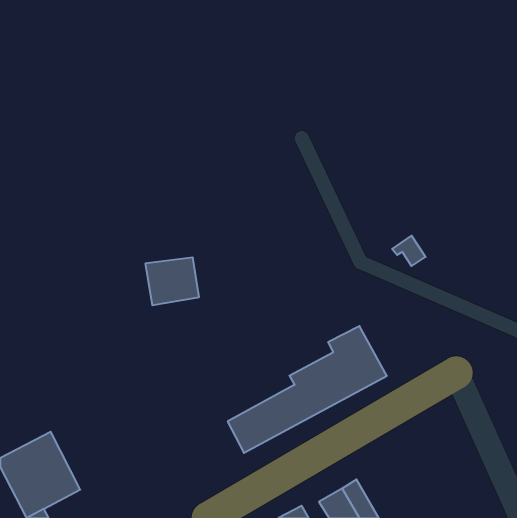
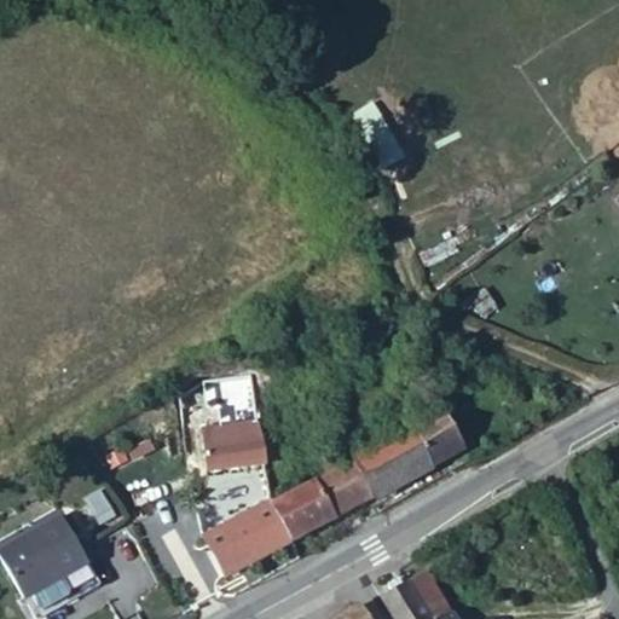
building: [145,258,199,305] -> [202,415,266,472]
building: none -> [203,498,293,577]

